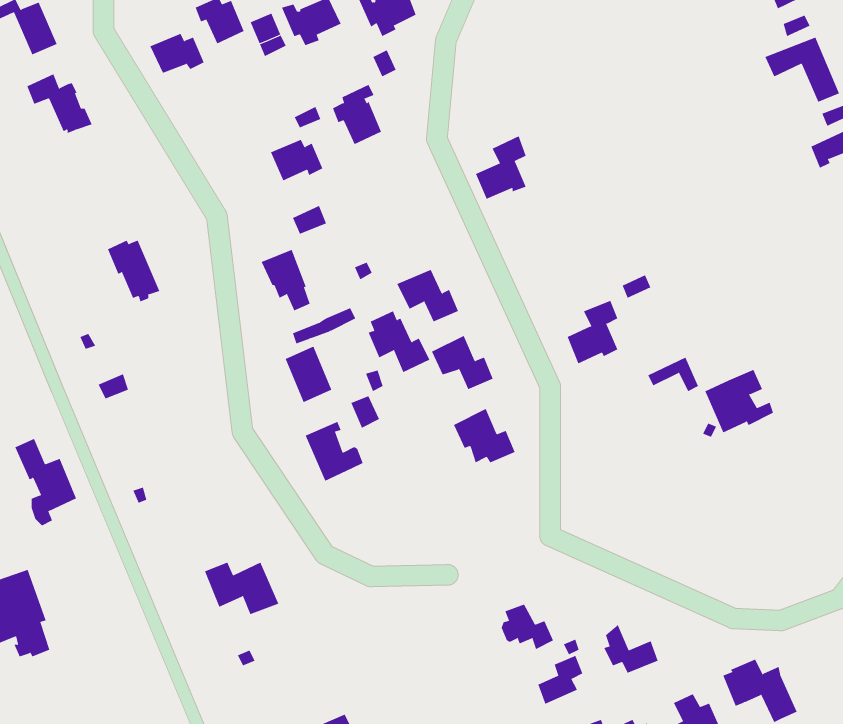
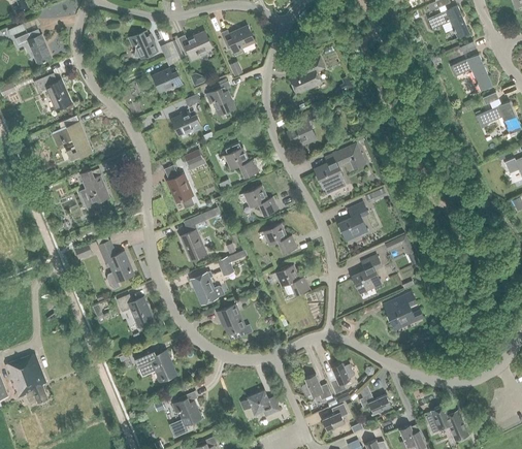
building: [150,33,205,74] -> [152,68,183,91]
building: none -> [290,58,323,93]
building: none -> [53,121,92,160]
building: none -> [316,143,366,193]
building: [368,310,430,373] -> [224,142,259,178]
building: [704,369,774,433] -> [383,291,422,327]
building: none -> [352,255,381,291]
building: [14,438,77,526] -> [98,239,133,289]
building: none -> [117,293,153,326]
building: none -> [217,303,252,334]
building: none -> [330,361,354,393]
building: none -> [240,389,280,416]
building: none -> [172,390,201,434]

